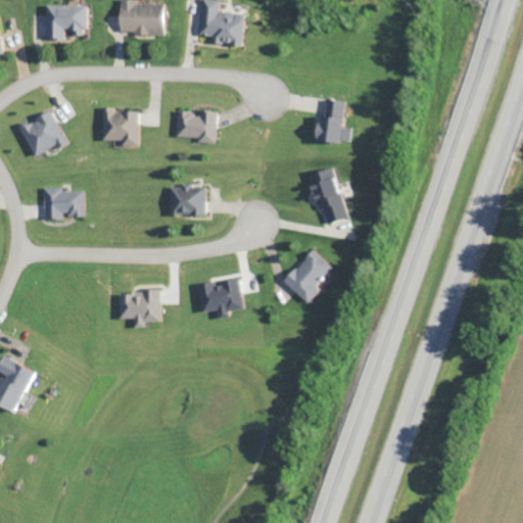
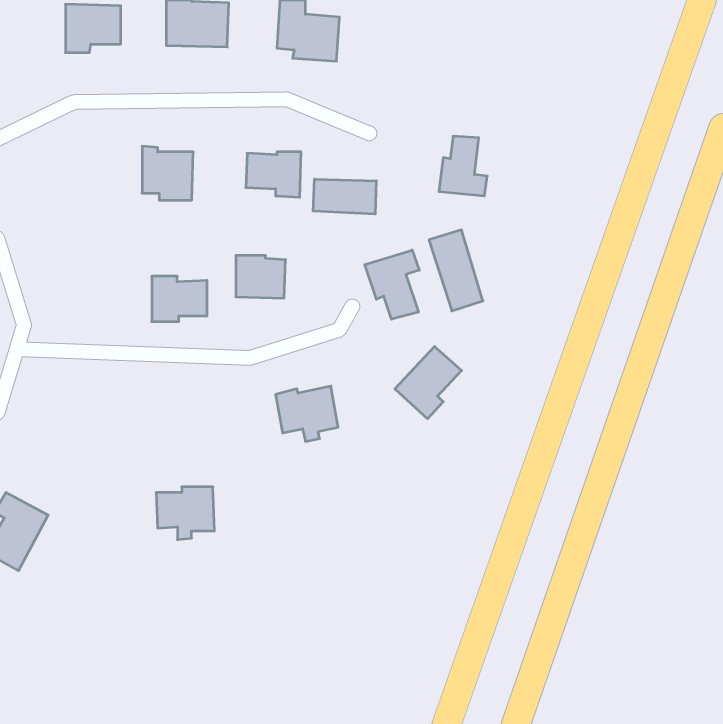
building: [18,110,67,156] -> none
building: none -> [313,179,376,214]
building: none -> [365,250,419,319]
building: [43,187,83,220] -> [152,276,207,322]
building: [118,289,160,327] -> [156,487,214,540]

